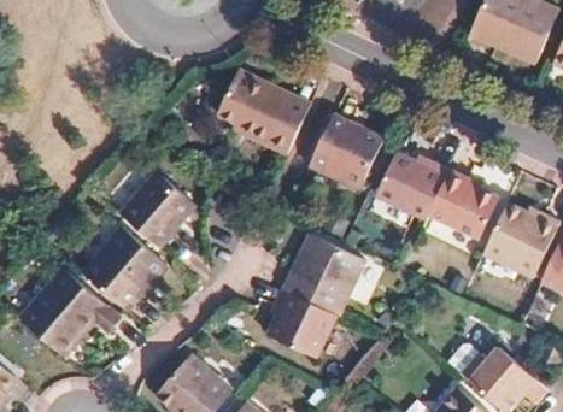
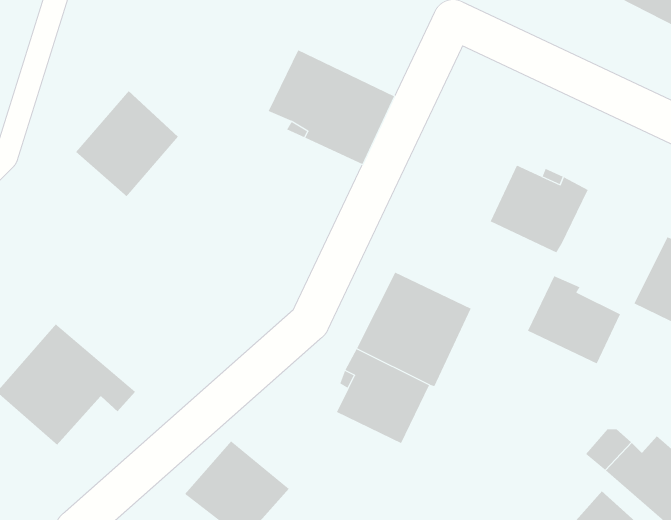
building: [310,116,383,188] -> none
building: [122,169,197,246] -> [75,90,179,197]
building: [430,172,498,236] -> [527,276,621,364]
building: [82,225,169,311] -> none

